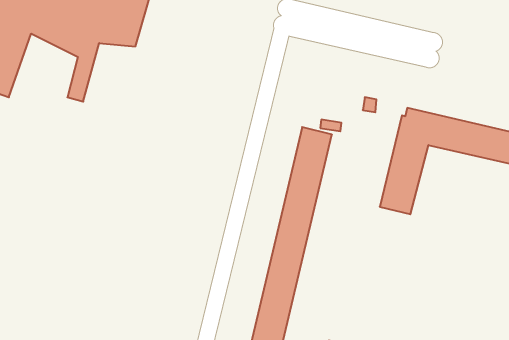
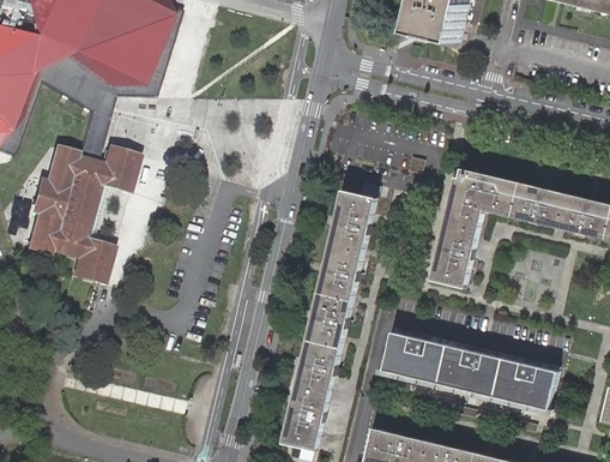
building: none -> [24,146,135,282]
building: none -> [382,335,556,412]

